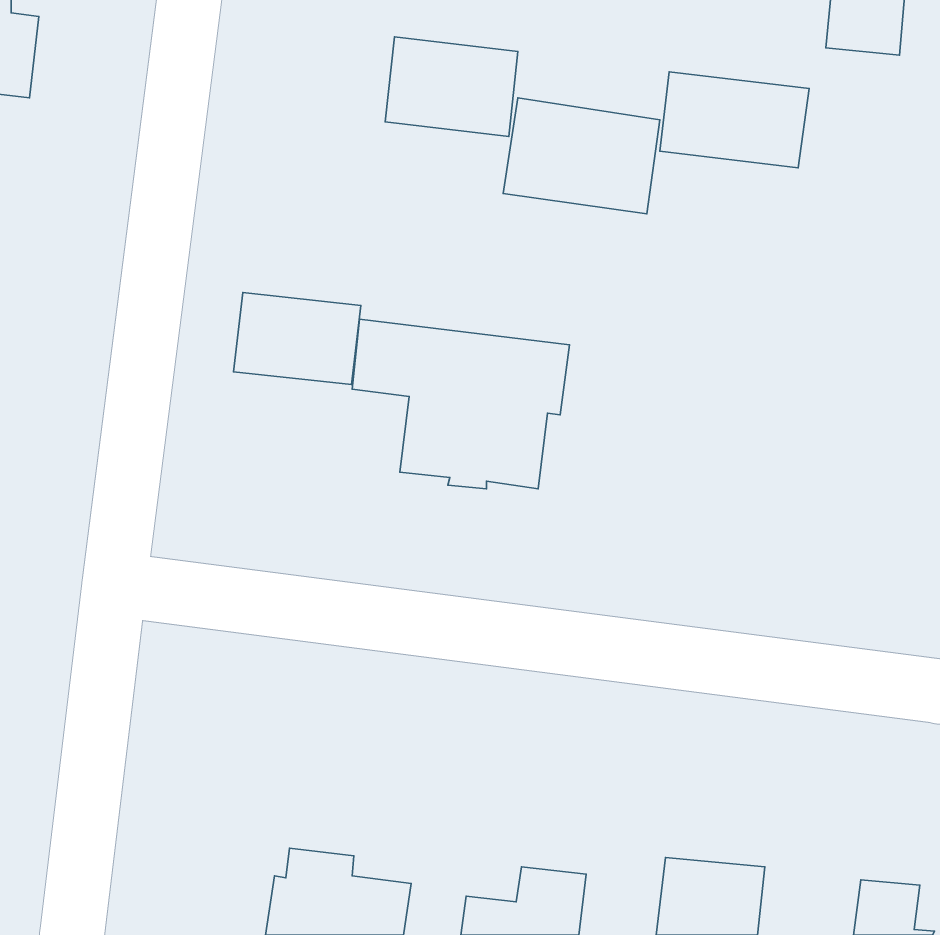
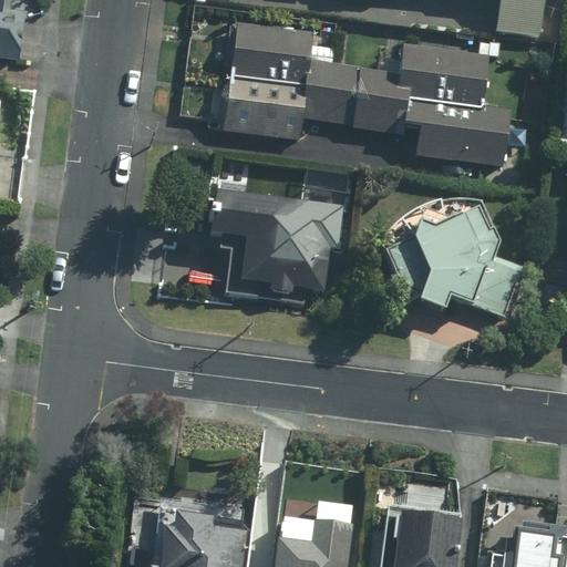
building: none -> [409,101,509,164]
building: [234,292,361,385] -> [227,82,303,137]
building: none -> [385,208,519,319]

